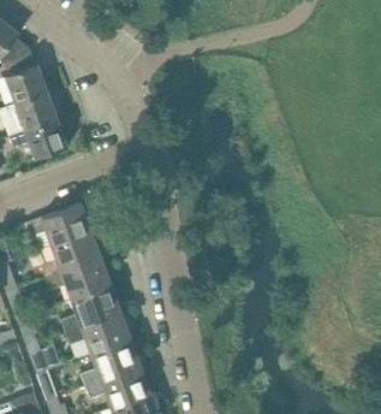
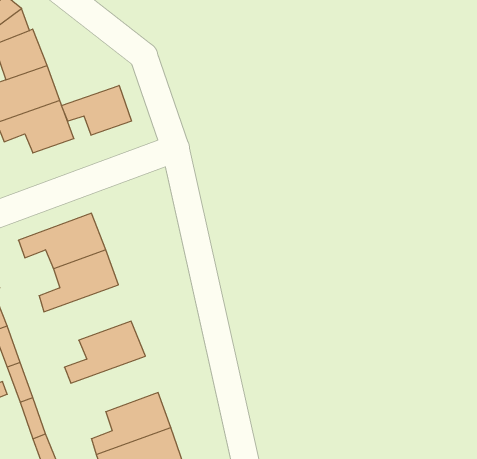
building: none -> [62,85,132,135]
building: [44,258,111,300] -> none
building: [65,312,131,354] -> none

